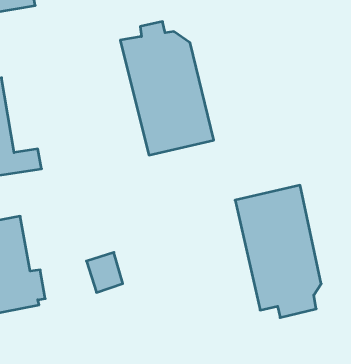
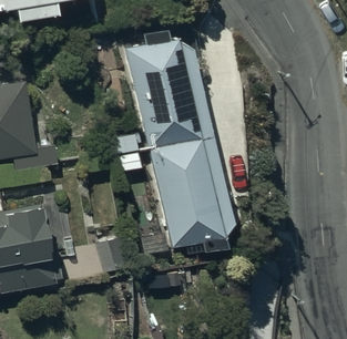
building: [235,185,321,318] -> [153,137,229,255]

